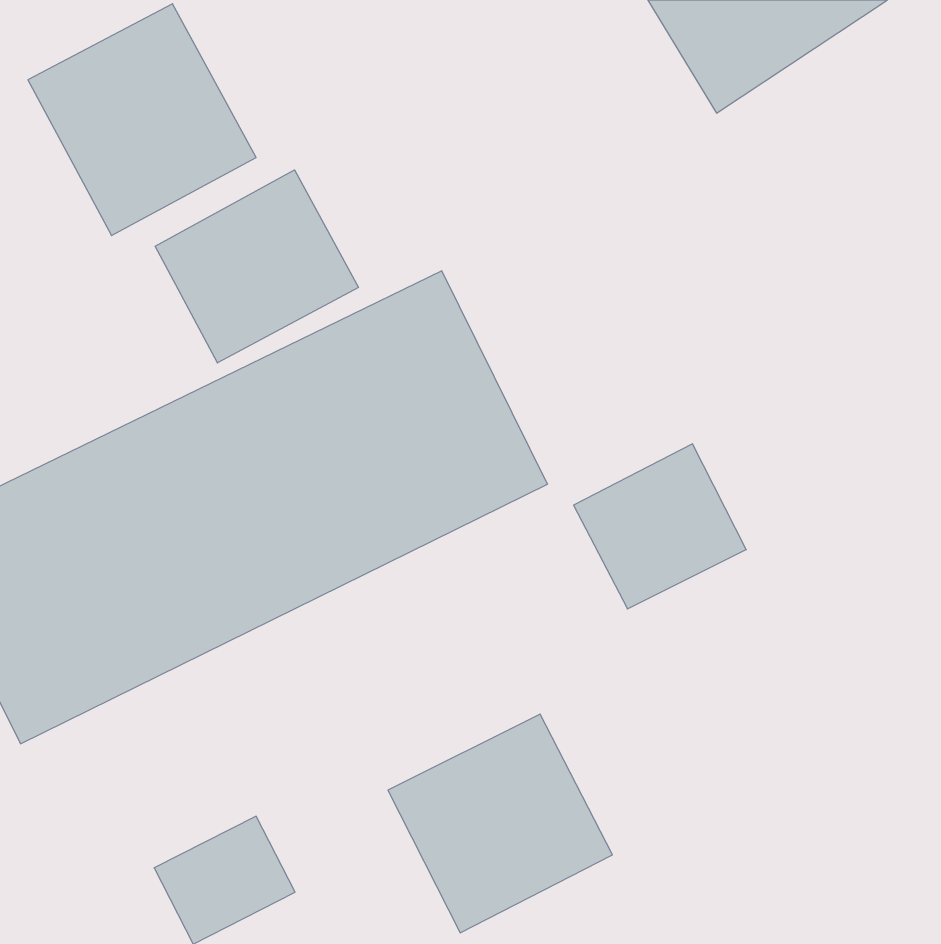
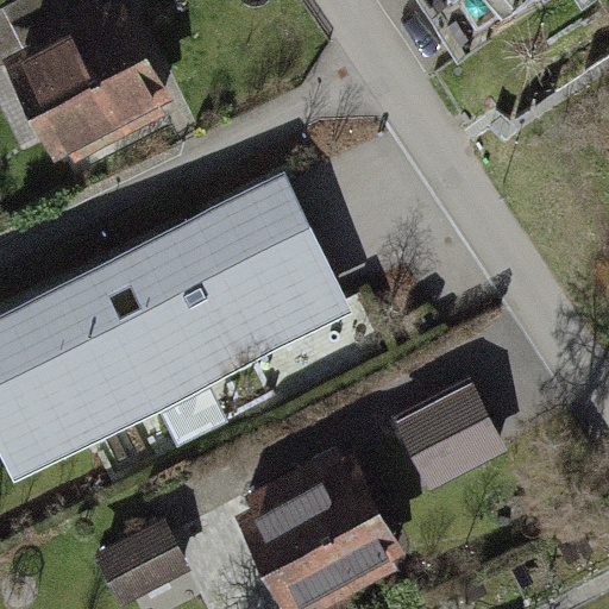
building: [155,170,358,363] -> none
building: [574,444,746,609] -> [391,377,502,483]

